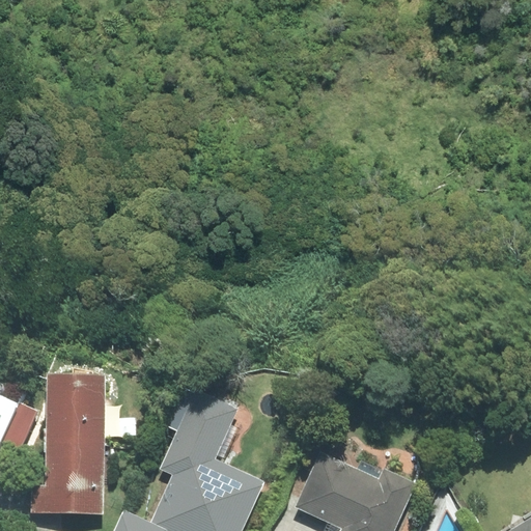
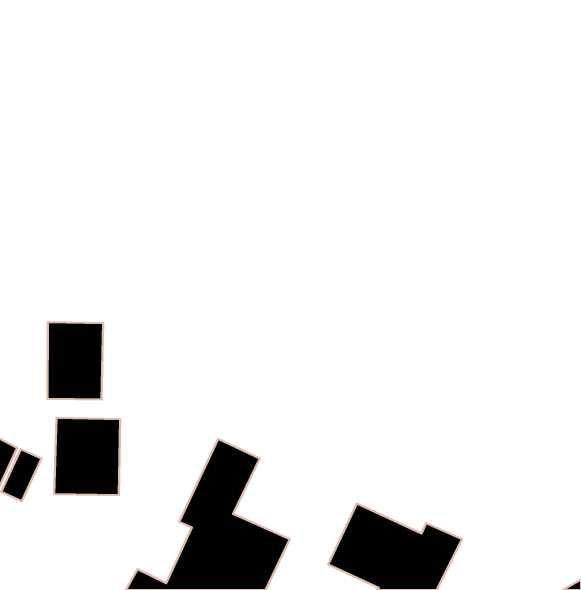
building: none -> [47,322,103,400]
building: [32,444,107,514] -> none

